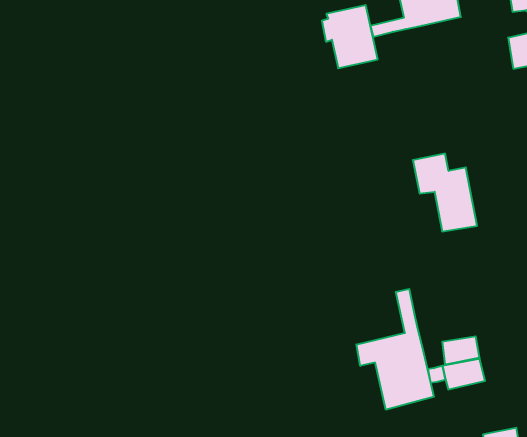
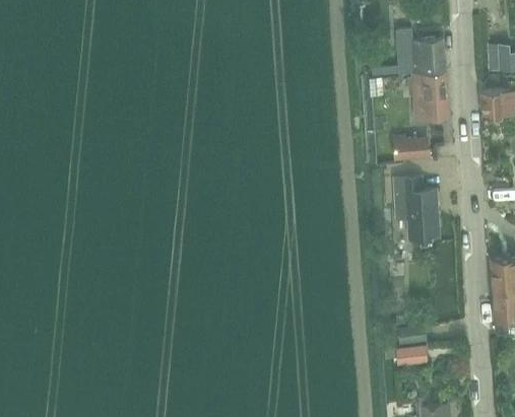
building: [322,5,378,68] -> [410,70,451,118]
building: none -> [397,138,423,160]
building: [356,289,434,410] -> none

